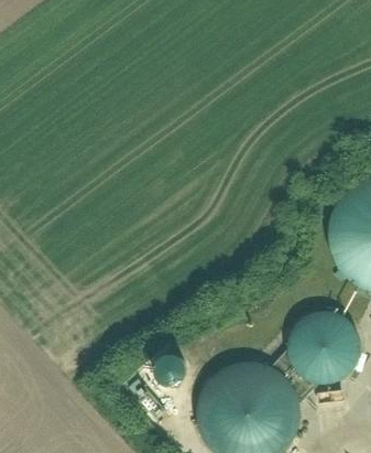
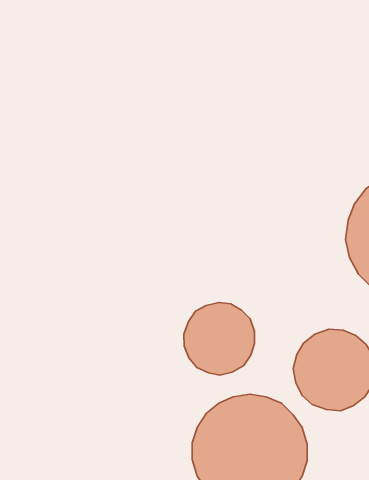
building: none -> [184,303,255,375]

